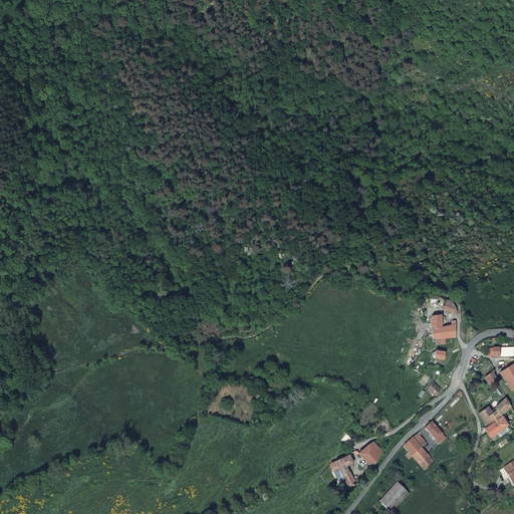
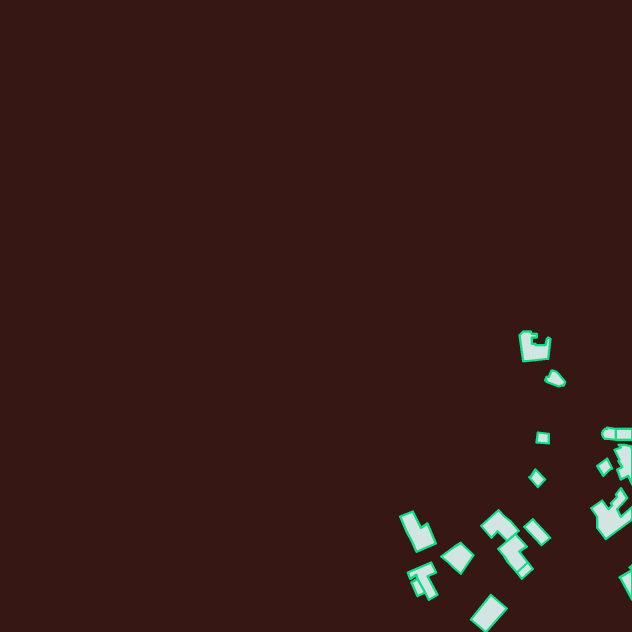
building: [431,315,456,339] -> [520,331,551,361]
building: none -> [481,510,519,541]
building: none -> [400,511,436,552]

